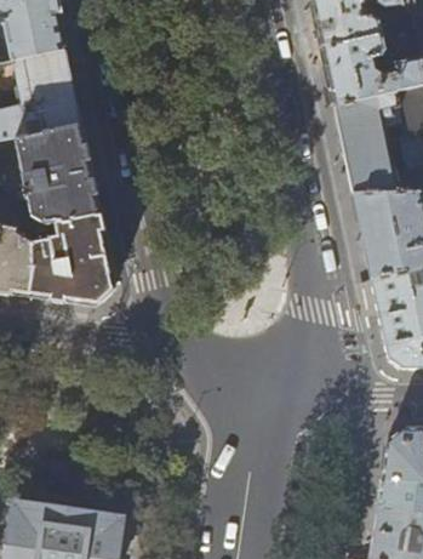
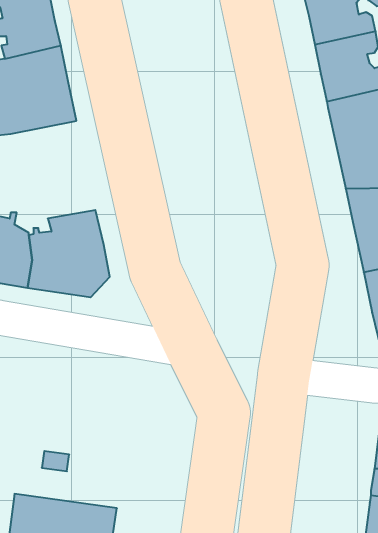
building: [12,125,98,227] -> none

